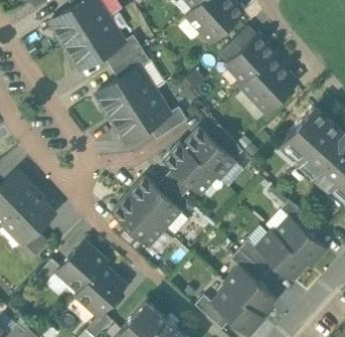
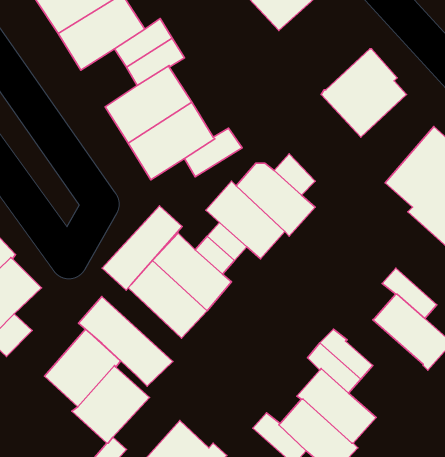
building: [219,28,275,82] -> none
building: none -> [102,206,182,290]
building: none -> [79,297,173,386]
building: [255,231,307,281] -> none

